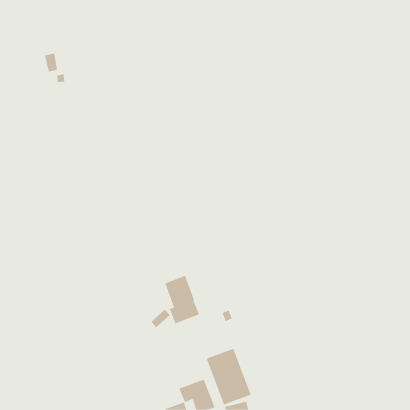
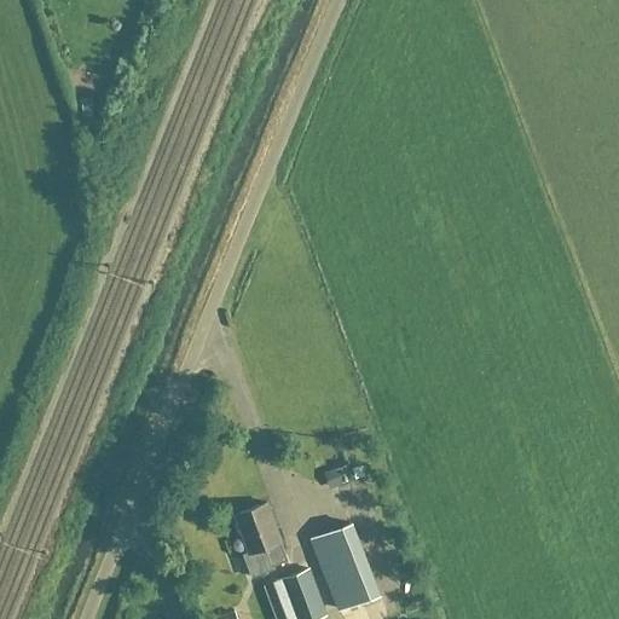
building: [164,275,200,324] -> [235,504,288,578]

